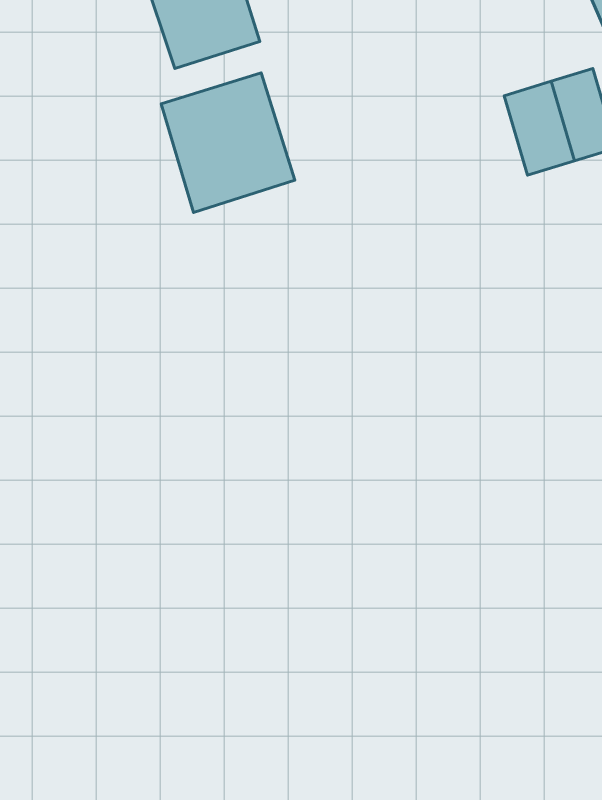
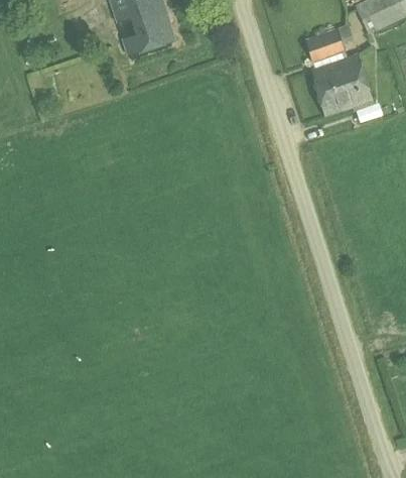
building: none -> [305,27,345,62]
building: [161,73,295,212] -> none

